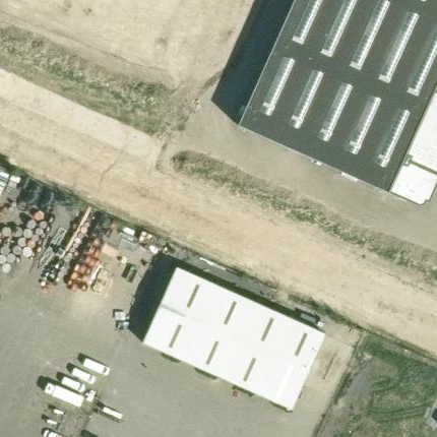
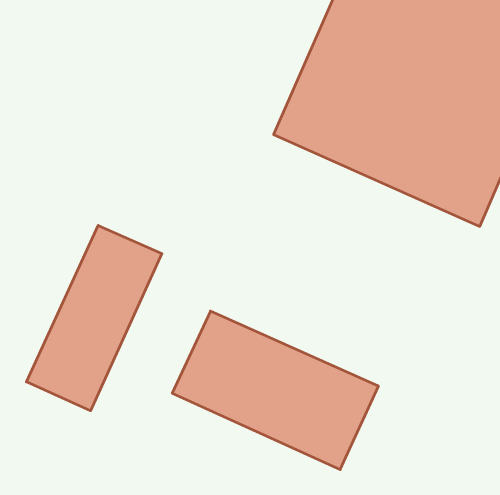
building: none -> [26,225,162,411]

